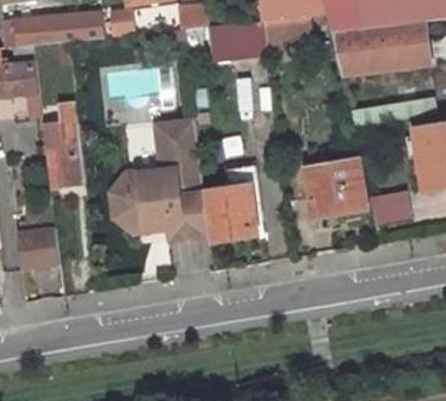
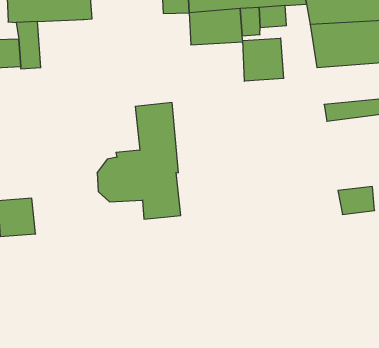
building: none -> [243,38,284,81]
building: [39,123,83,188] -> none
building: [302,162,363,227] -> none
building: [199,168,255,243] -> none

